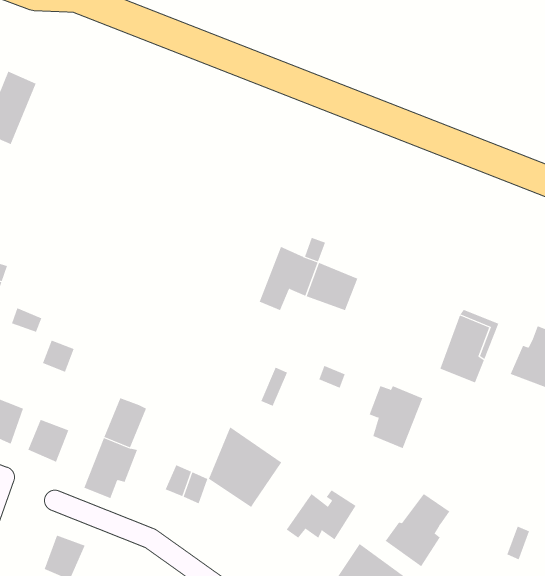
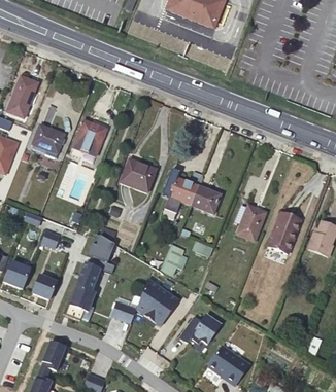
building: none -> [73,120,105,155]
building: none -> [32,124,66,156]
building: none -> [121,161,157,191]
building: none -> [88,233,114,273]
building: [369,386,423,449] -> [235,205,266,241]
building: [385,493,450,567] -> none

